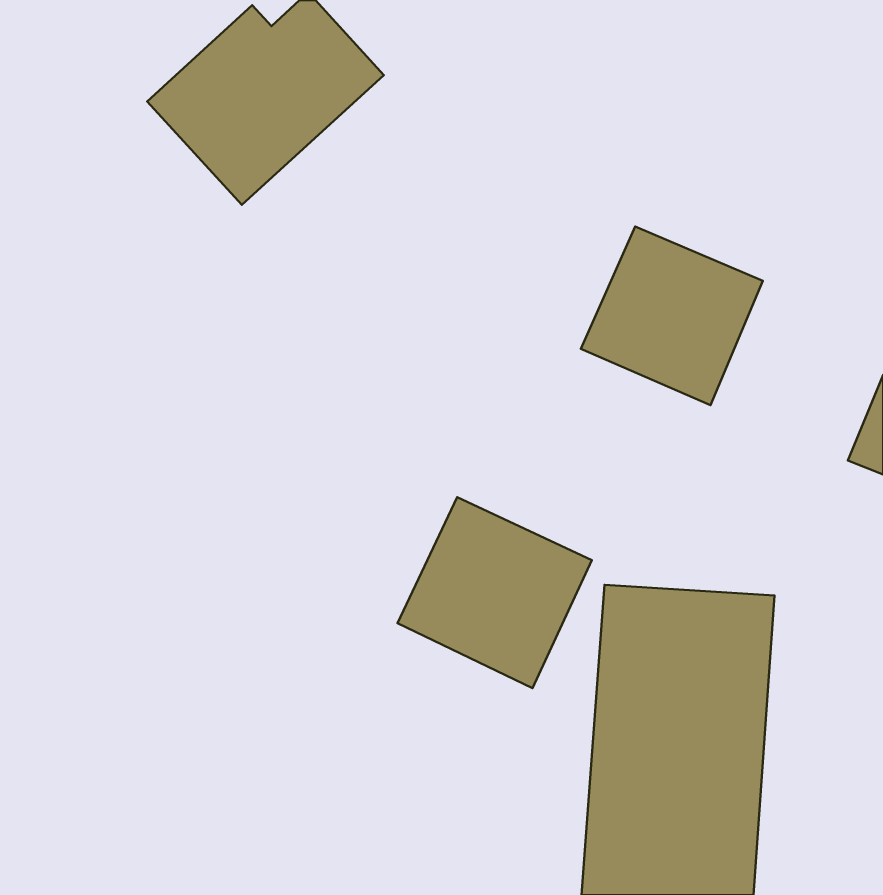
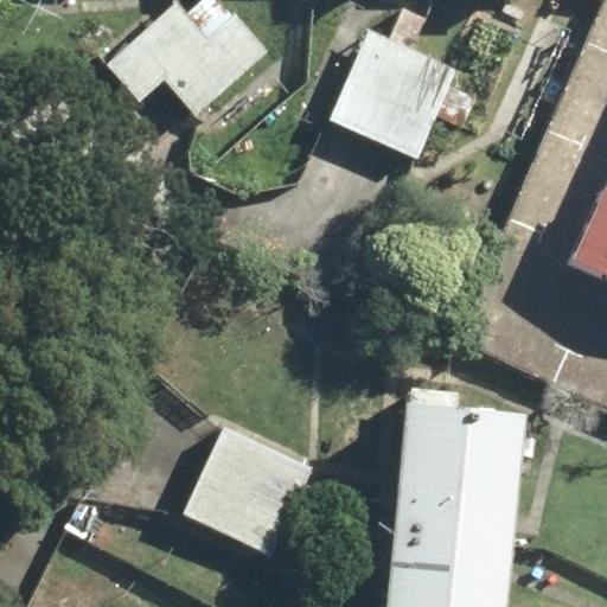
building: [581,226,763,405] -> [328,36,452,156]
building: [397,497,592,688] -> [180,426,312,555]

